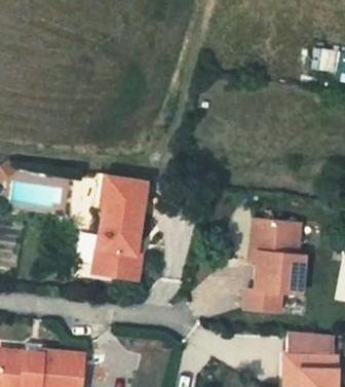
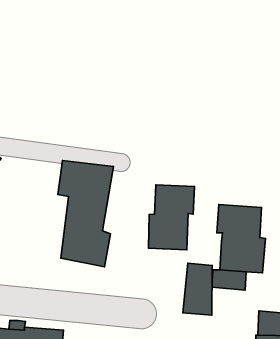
building: none -> [148,185,194,250]
building: none -> [183,263,212,315]

